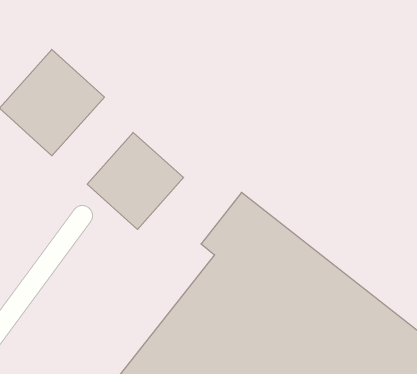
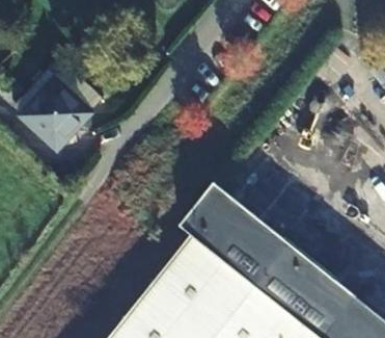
building: [87,132,184,229] -> none

